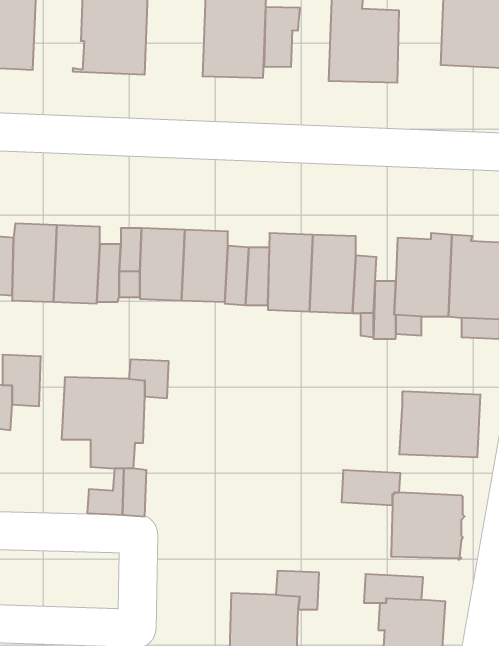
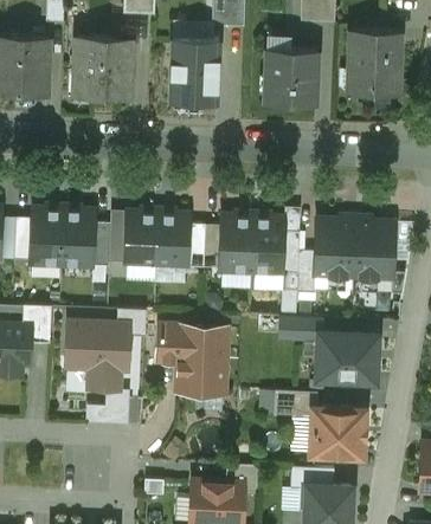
building: [264,7,300,67] -> none
building: none -> [279,315,321,341]
building: none -> [157,324,225,390]

